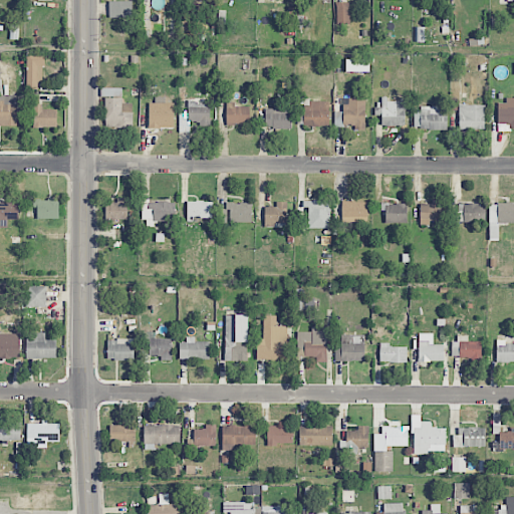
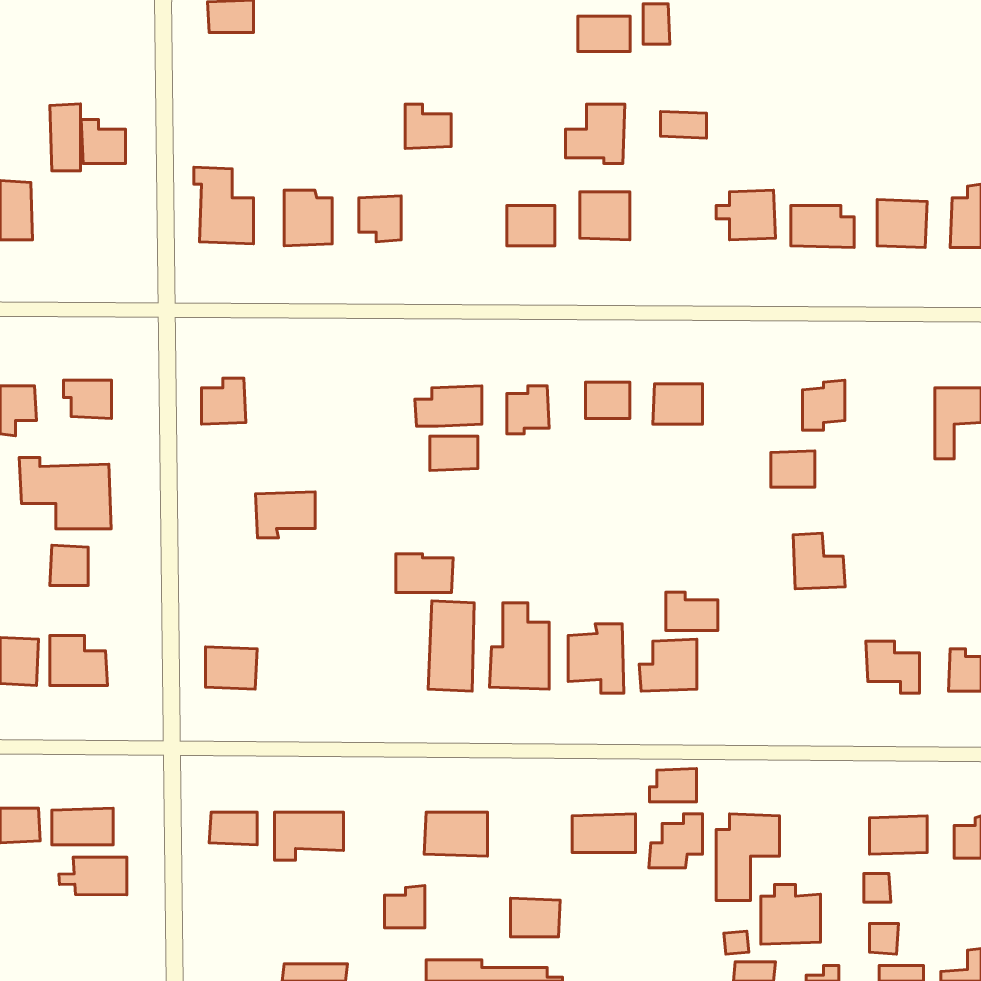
building: none -> [578,16,630,51]
building: [334,98,365,130] -> [565,104,625,164]
building: [226,101,250,124] -> [405,104,451,148]
building: [33,104,56,127] -> [81,119,125,164]
building: [187,201,212,219] -> [430,436,478,471]
building: [143,202,174,226] -> [256,492,315,538]
building: [383,203,407,222] -> [771,451,815,487]
building: [457,203,485,222] -> none
building: none -> [19,457,111,529]
building: [148,331,172,360] -> none
building: [418,332,445,361] -> [793,533,845,589]
building: [180,339,210,359] -> [396,554,453,592]
building: [379,342,407,362] -> [666,592,718,630]
building: none -> [649,768,697,802]
building: [414,422,445,453] -> [761,885,820,944]
building: [194,424,215,446] -> [384,886,425,928]
building: [267,425,293,445] -> [510,898,560,937]
building: none -> [59,857,127,895]

